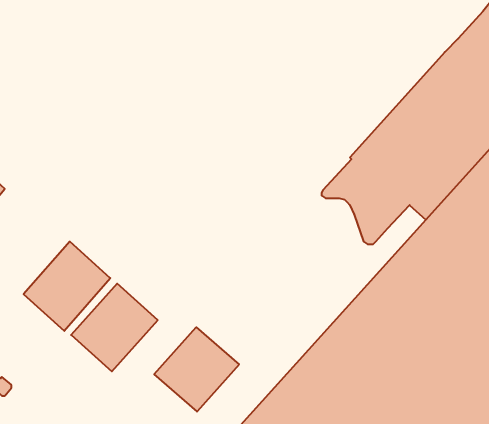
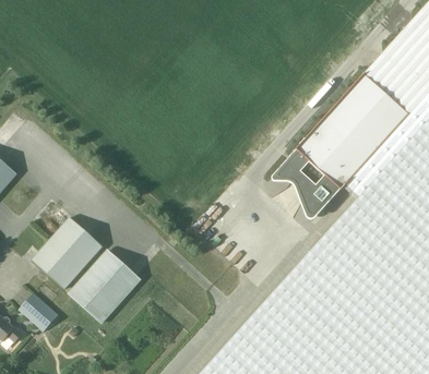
building: [154,327,239,412] -> none
building: none -> [19,294,58,329]

